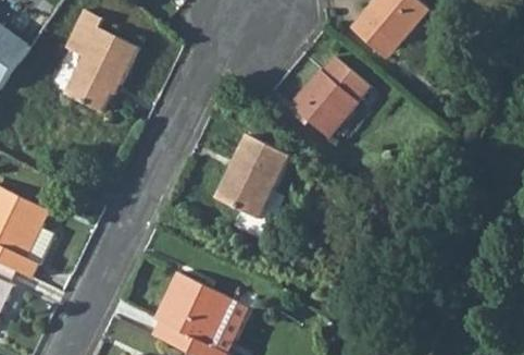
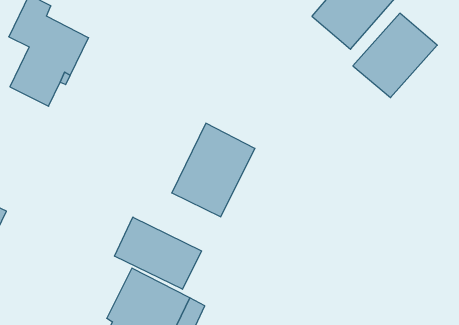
building: [288,59,369,139] -> [353,13,437,98]
building: none -> [115,217,201,289]

